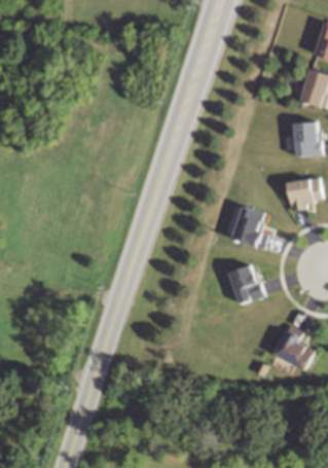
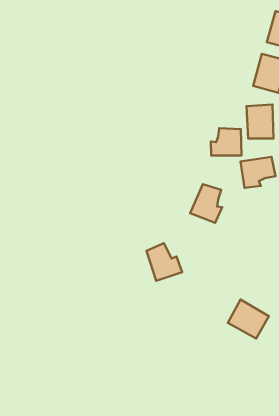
building: none -> [211,128,242,156]
building: [226,264,264,304] -> [146,243,182,281]

